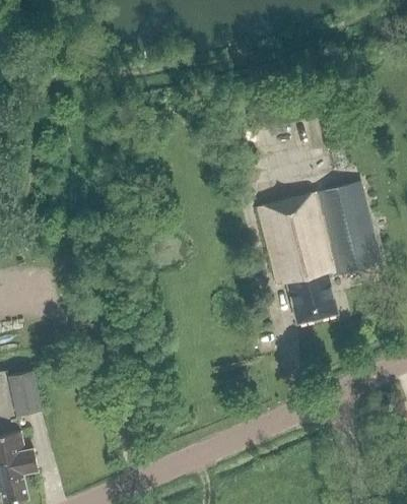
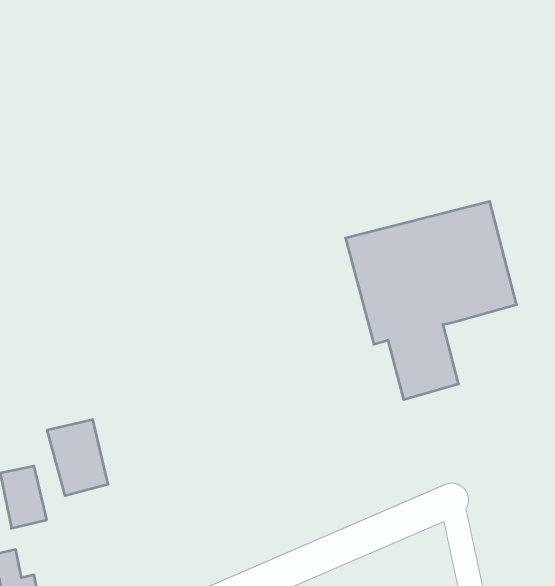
building: none -> [47,419,108,496]

